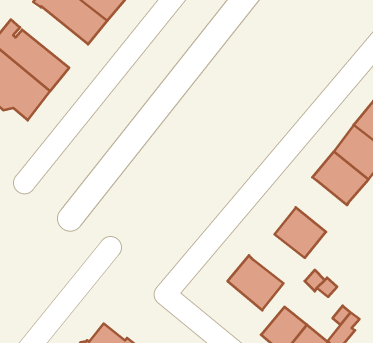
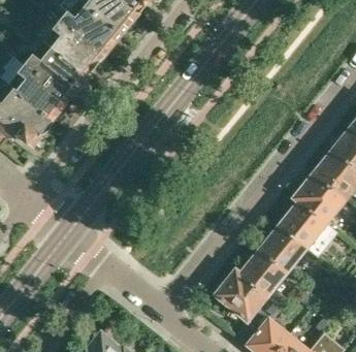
building: none -> [25,40,86,97]
building: none -> [278,201,337,257]
building: none -> [238,251,286,296]

